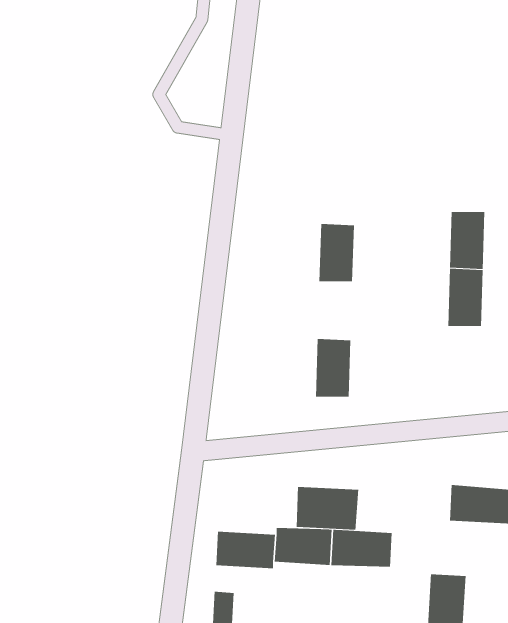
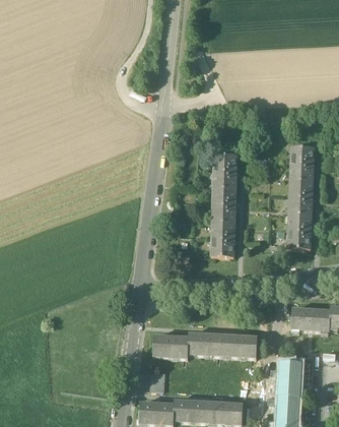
building: none -> [213,187,234,222]
building: none -> [288,213,311,248]
building: [296,486,359,530] -> none

